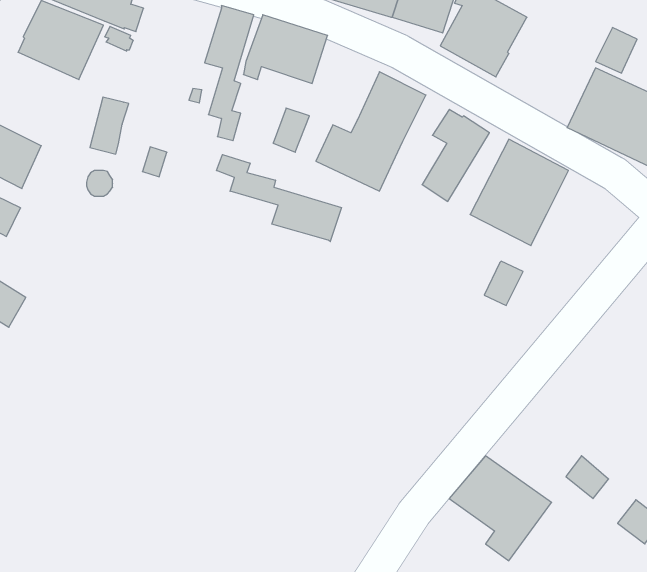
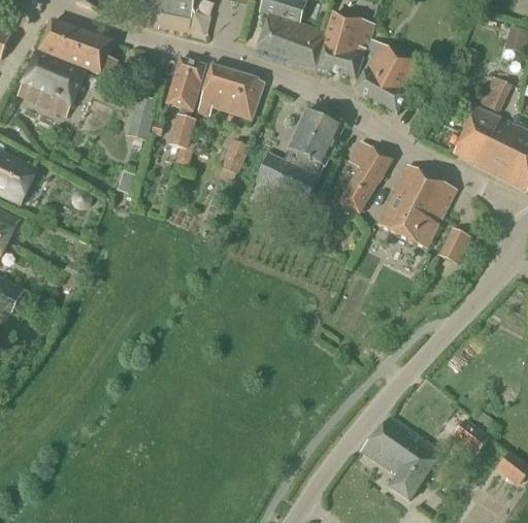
building: [90,97,129,154] -> [127,94,158,139]
building: [217,155,341,242] -> none
building: [484,261,523,305] -> [438,227,469,262]

